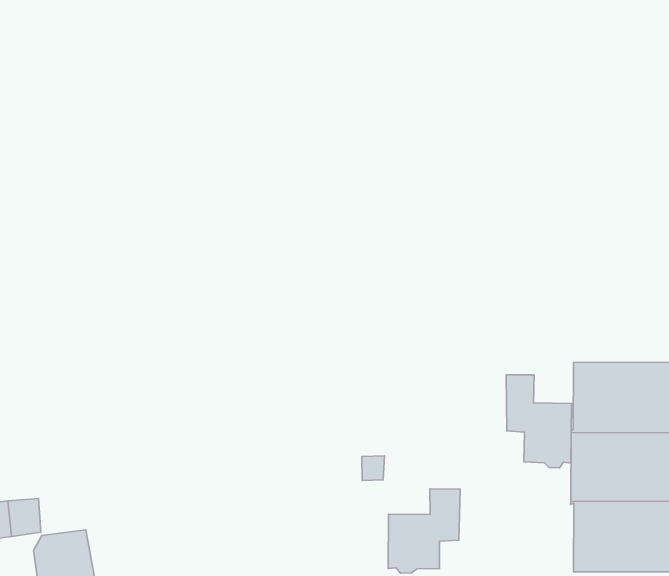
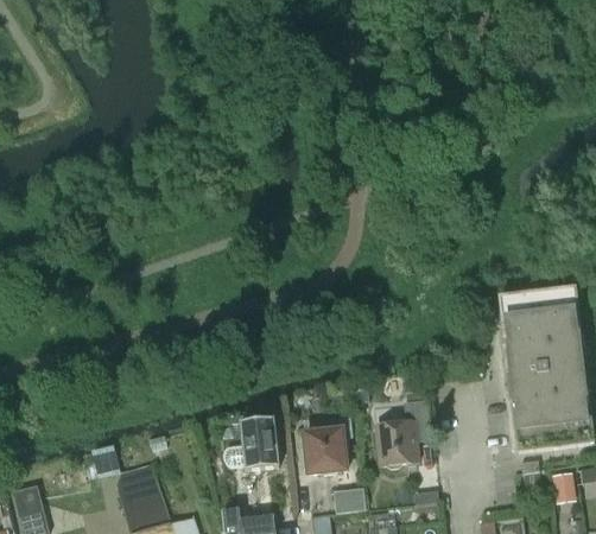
building: [506,375,572,468] -> none
building: none -> [222,418,278,469]
building: none -> [303,418,351,472]

